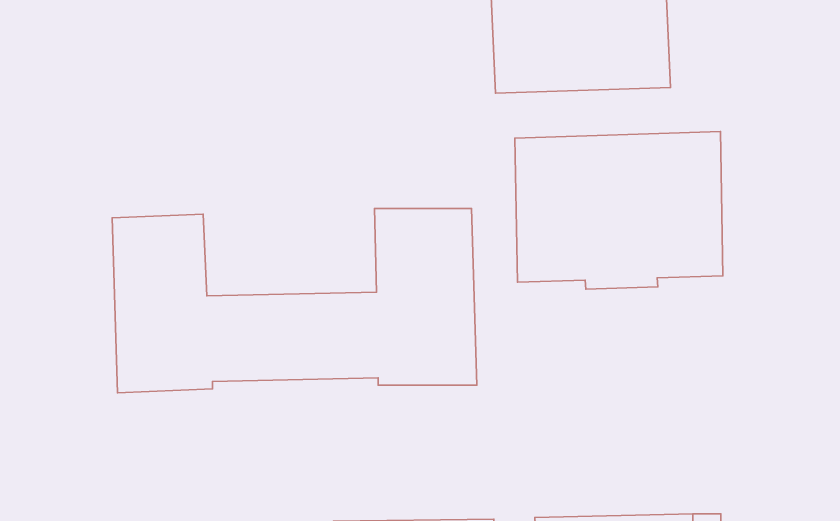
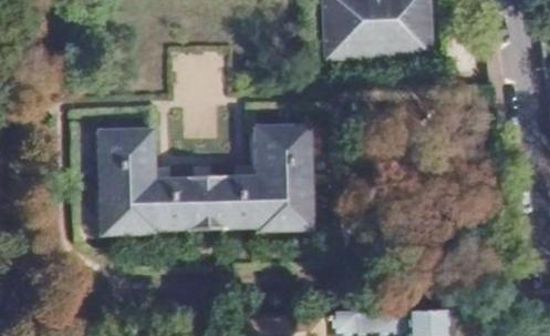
building: [515,132,723,289] -> none

